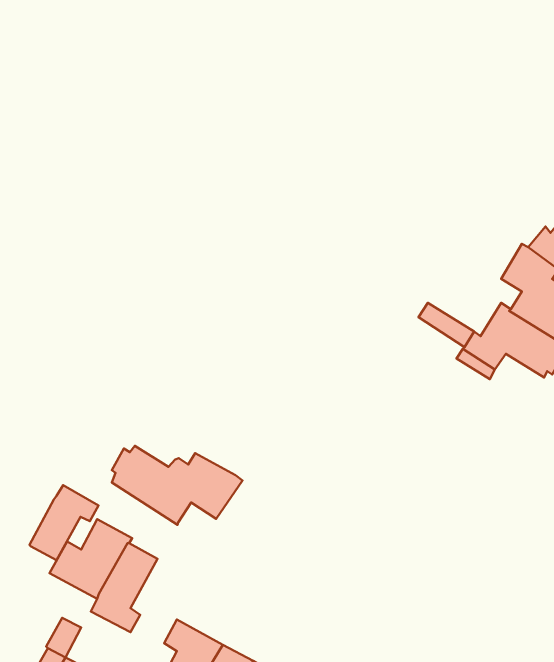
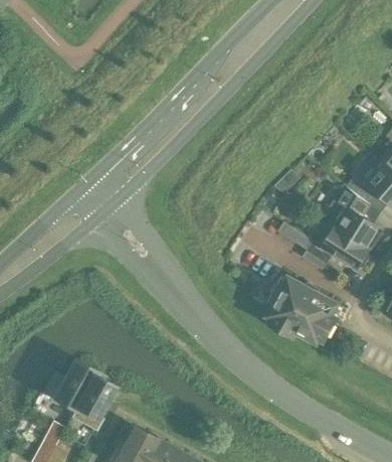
building: none -> [268,276,340,342]
building: [112,446,242,525] -> none
building: [30,485,98,560] -> none

